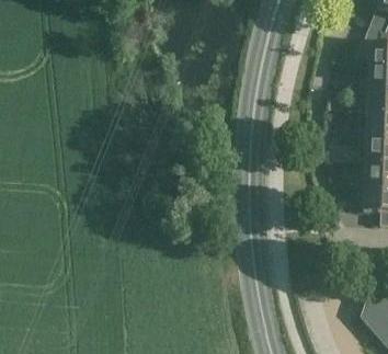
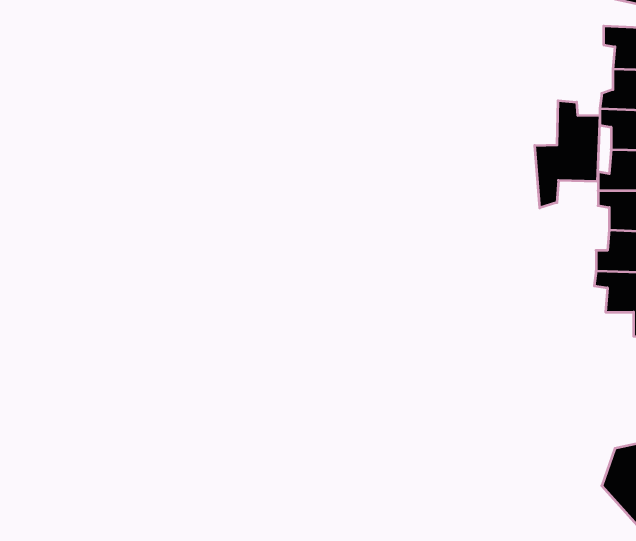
building: none -> [535,101,600,208]

